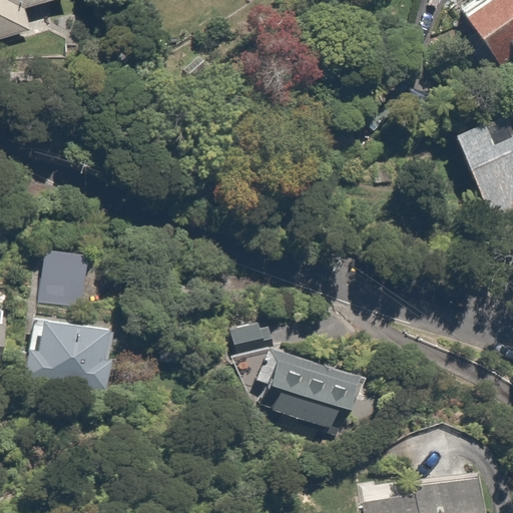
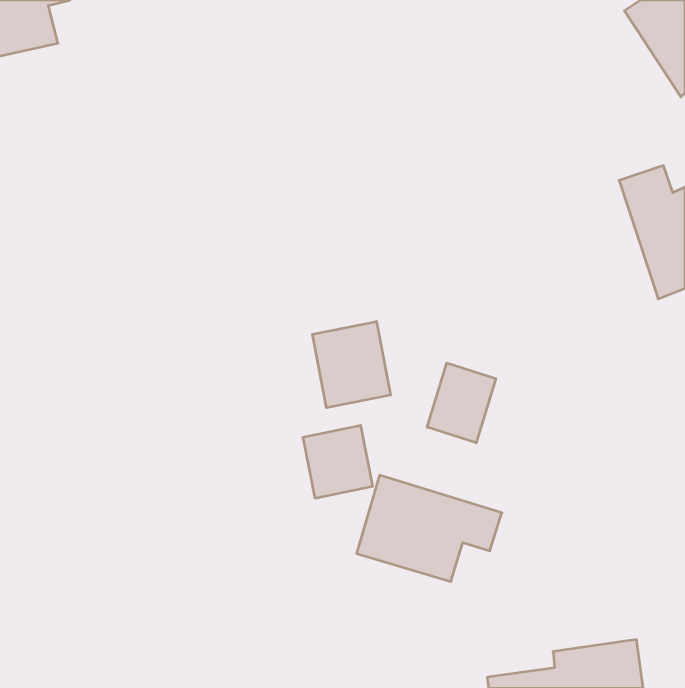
building: none -> [312,321,391,408]
building: [22,247,119,387] -> none
building: none -> [427,363,496,443]

